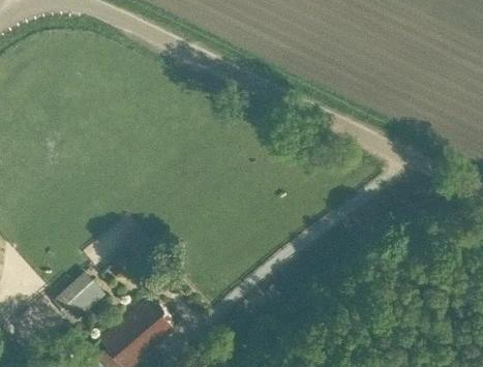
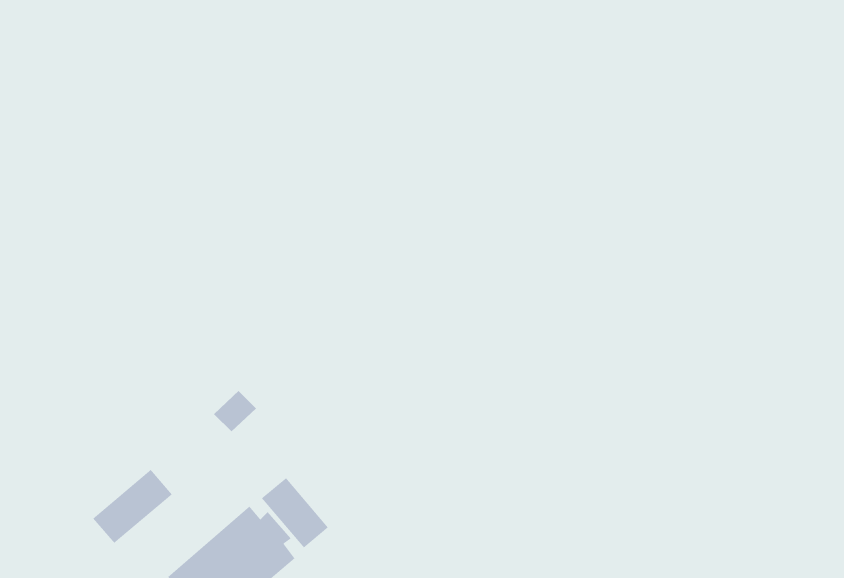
building: none -> [261,477,329,549]

